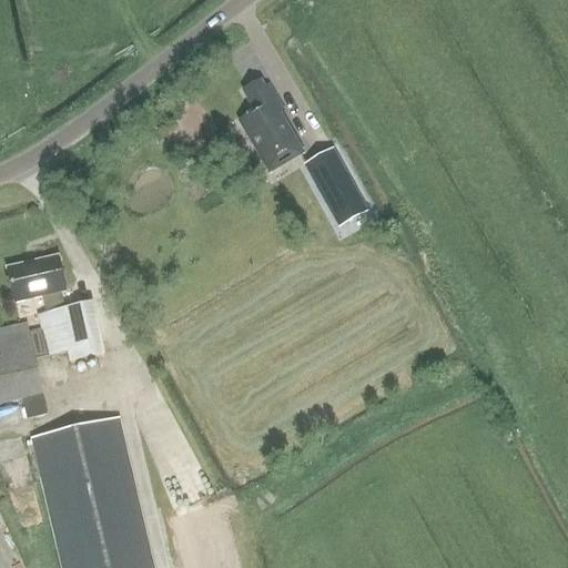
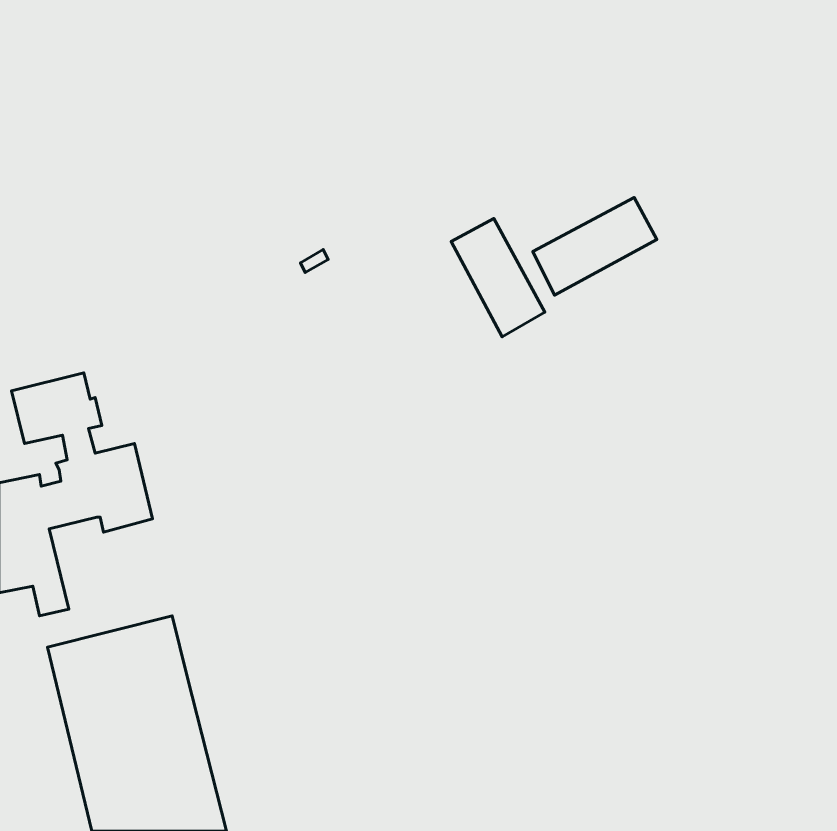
building: [240,79,300,163] -> none
building: none -> [533,198,657,295]

